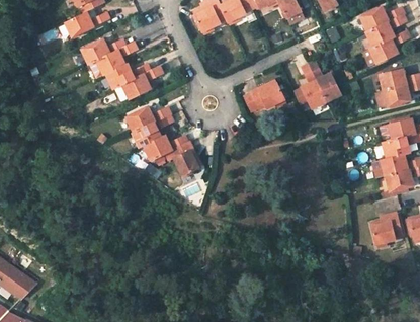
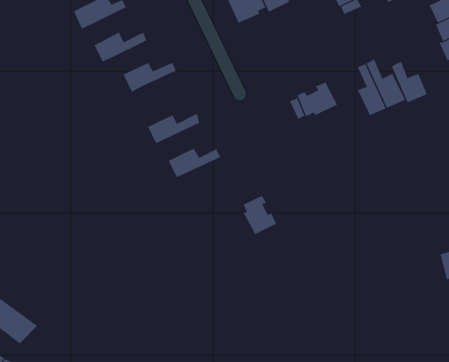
building: [95,42,137,75] -> none
building: none -> [390,61,428,103]
building: [121,66,162,99] -> none
building: [132,114,172,148] -> none
building: [172,142,200,175] -> [243,195,277,235]

